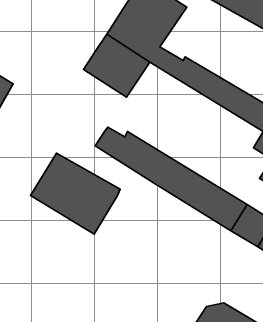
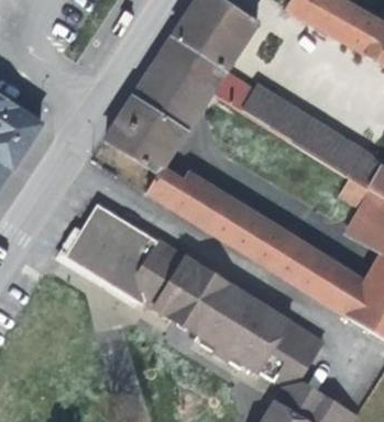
building: none -> [106,98,185,173]
building: none -> [145,252,321,380]

